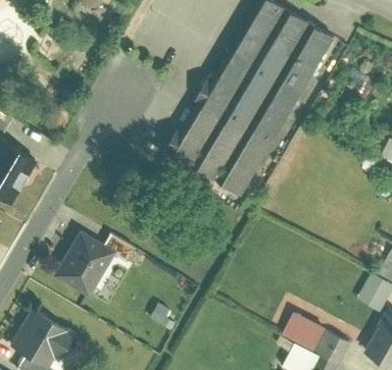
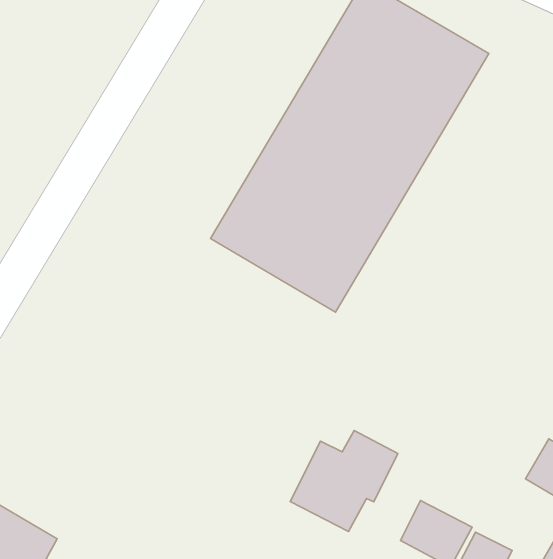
building: [52,230,133,298] -> none
building: none -> [290,431,398,532]

